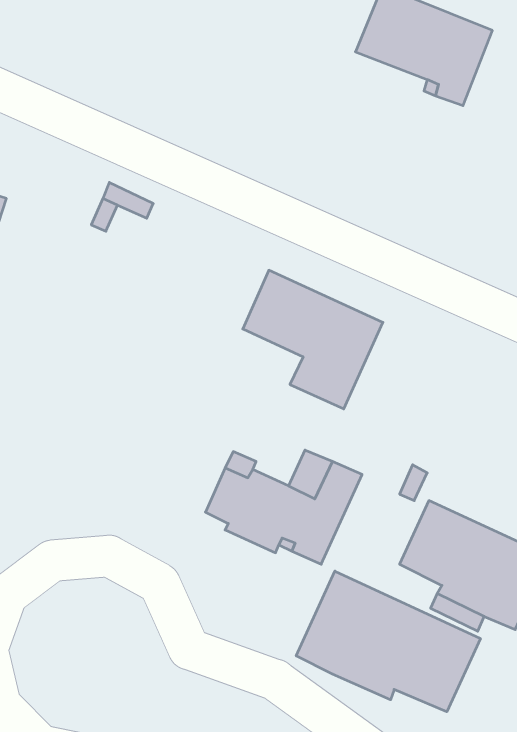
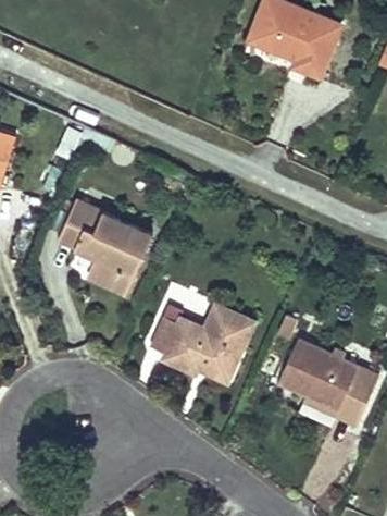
building: [243,270,383,409] -> [59,201,152,294]
building: [296,571,480,712] -> none

